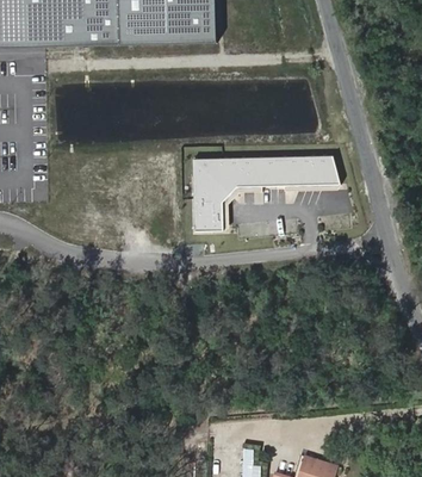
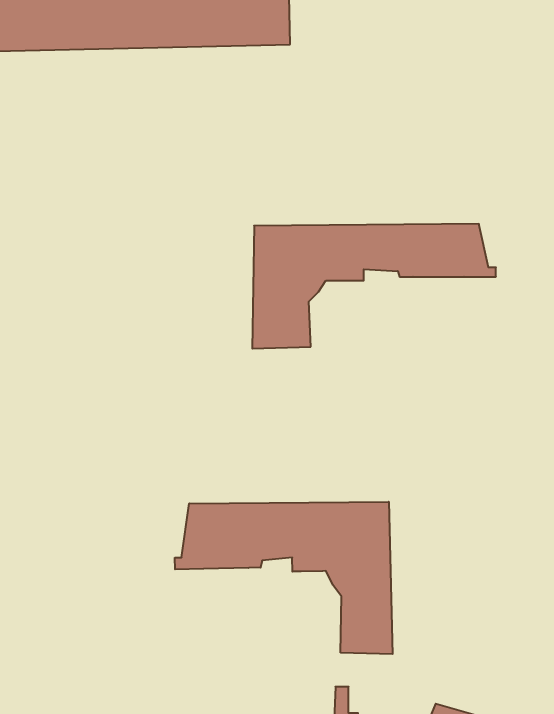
building: none -> [175,502,393,654]

